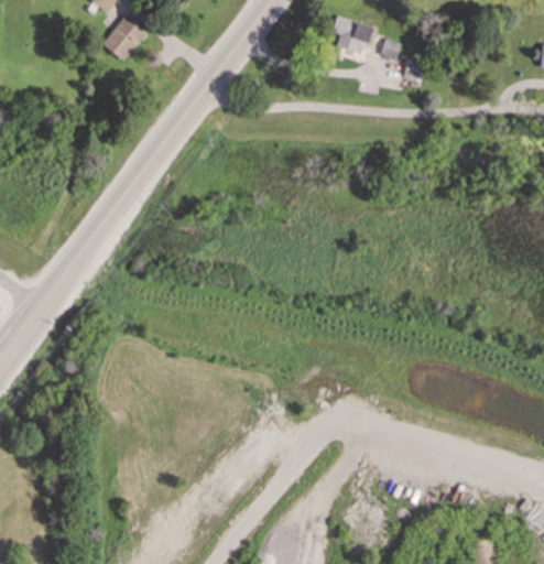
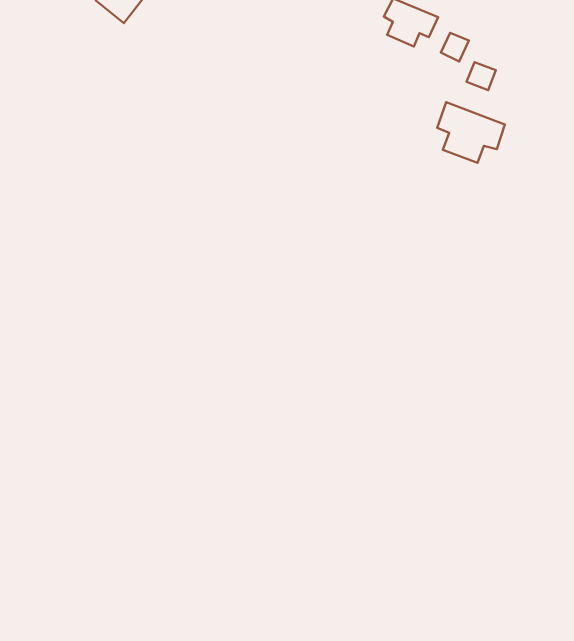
building: none -> [437,102,505,163]

